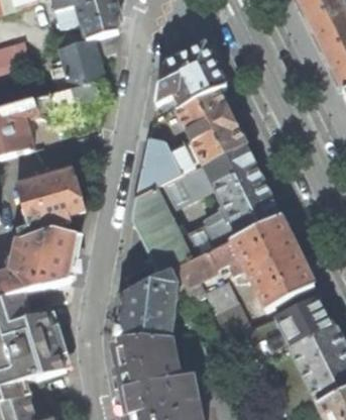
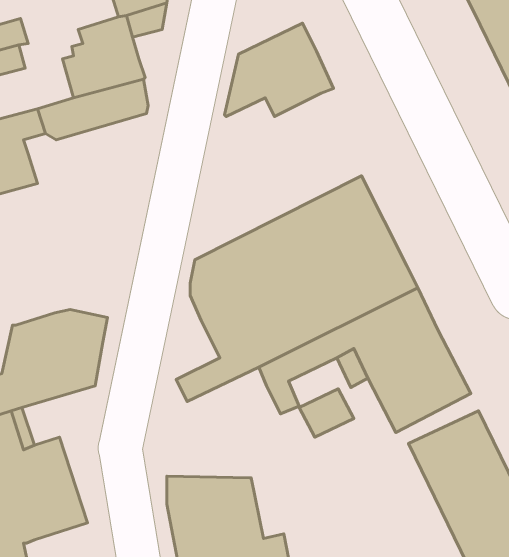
building: [136,89,244,197] -> none
building: [16,168,85,239] -> none
building: [118,267,183,338] -> none

